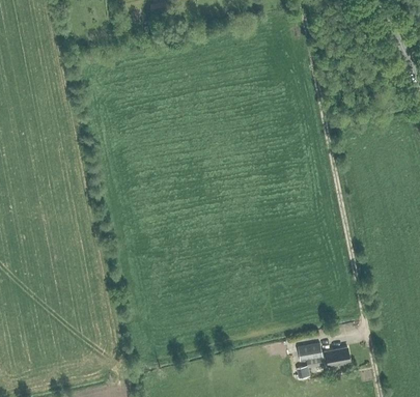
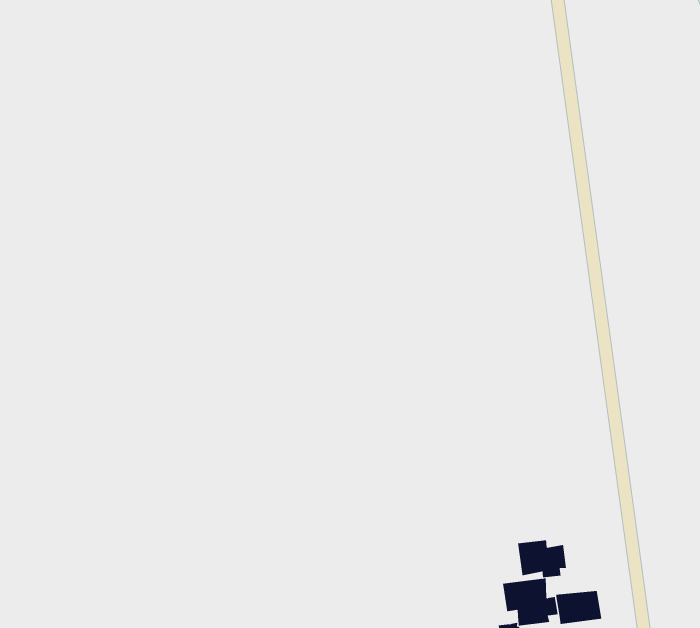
building: none -> [517,539,567,578]

